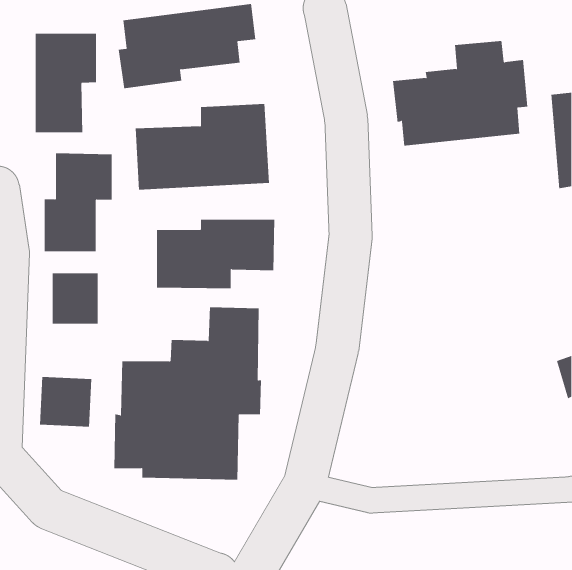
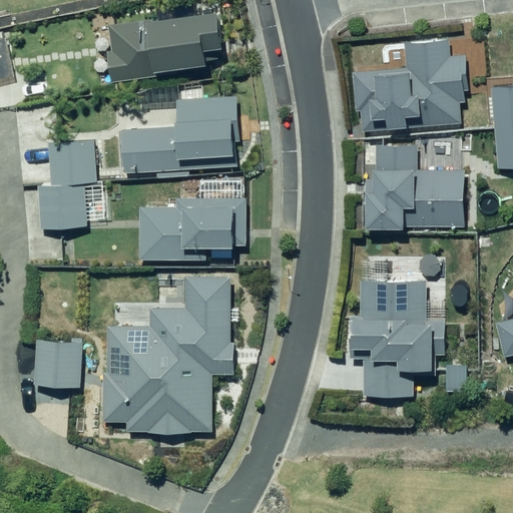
building: [35,33,97,133] -> none
building: none -> [366,146,466,228]
building: [52,273,98,325] -> none
building: none -> [353,278,448,405]

